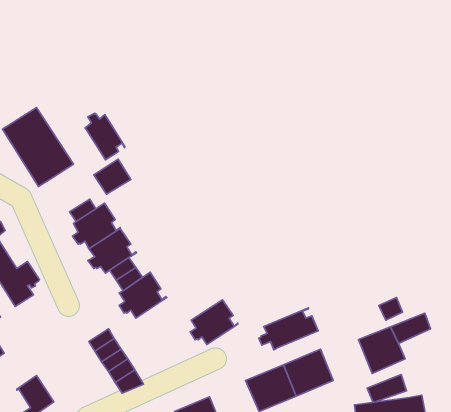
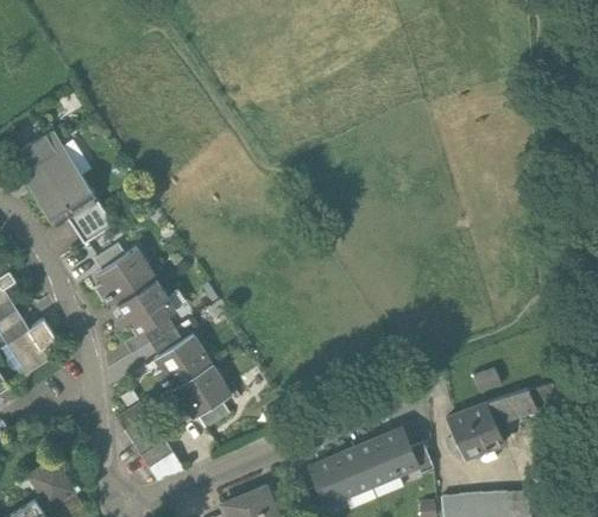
building: [85,113,125,160] -> none
building: [94,159,131,194] -> [69,203,114,246]
building: [190,300,238,345] -> [174,366,232,421]
building: [259,308,318,350] -> none
building: [367,374,406,402] -> none

